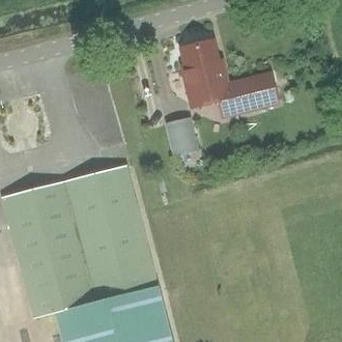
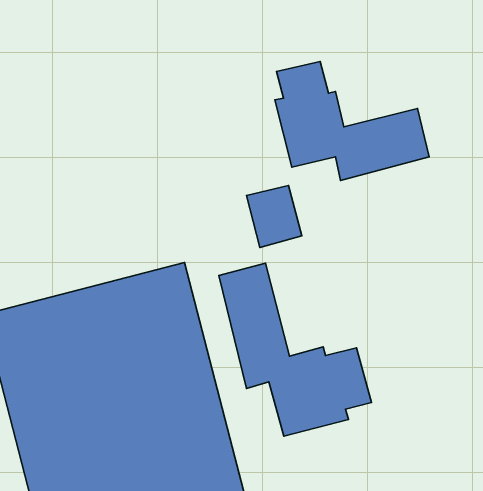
building: none -> [219,263,371,436]

